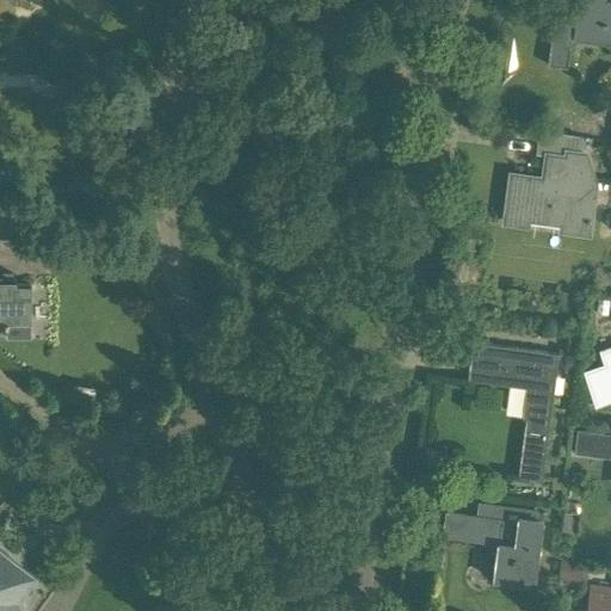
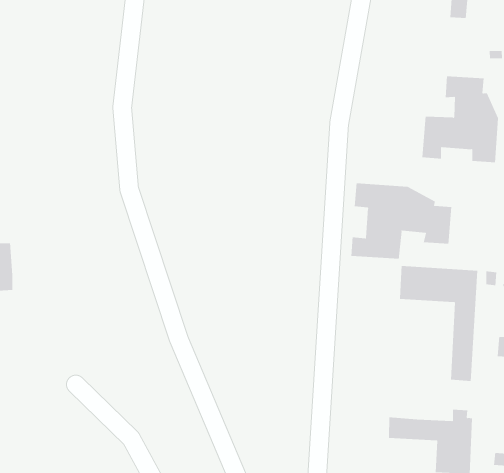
building: none -> [351,182,452,260]

